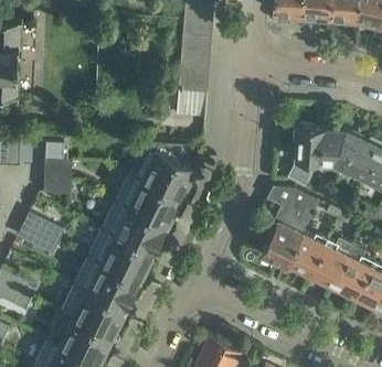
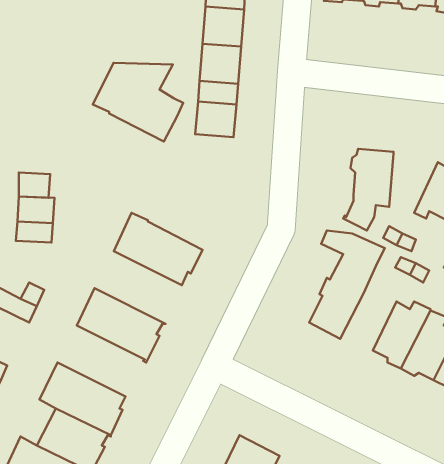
building: [321,126,358,173] -> none
building: [129,142,197,201] -> [93,63,183,142]
building: [102,202,167,256] -> none
building: [285,233,327,276] -> none
building: [74,257,139,310] -> none

